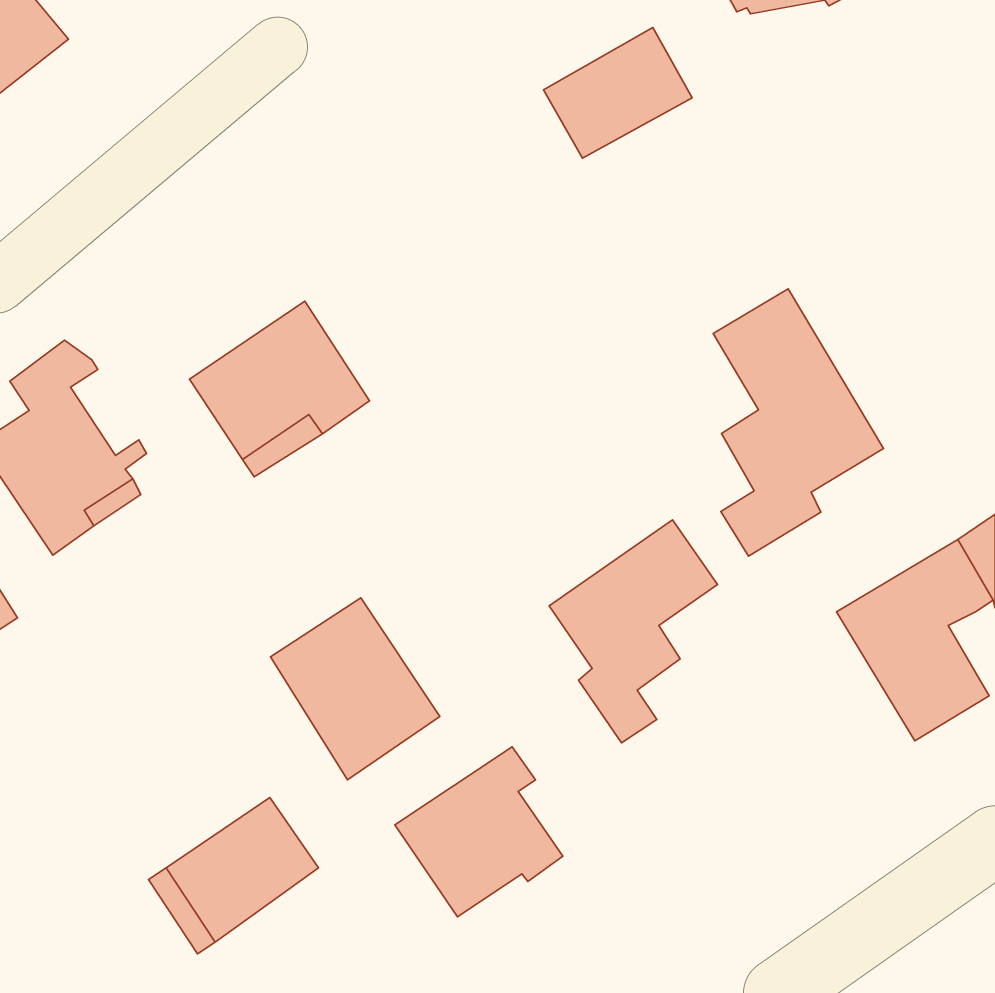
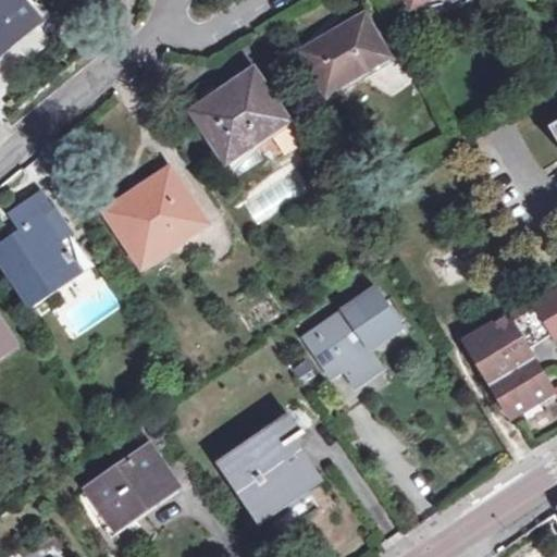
building: none -> [193,69,301,158]
building: [713,289,883,556] -> none
building: [270,598,440,780] -> none

